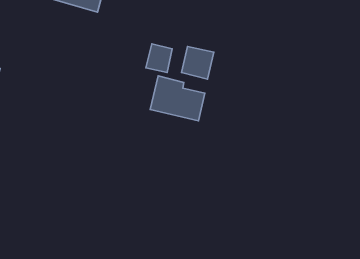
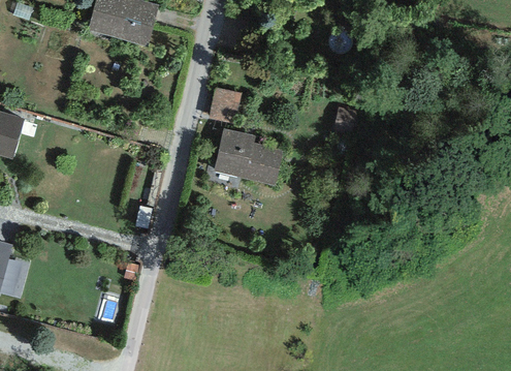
building: [182,46,214,79] -> none

